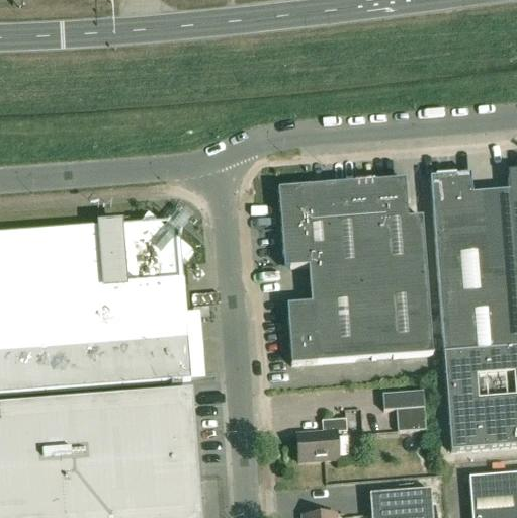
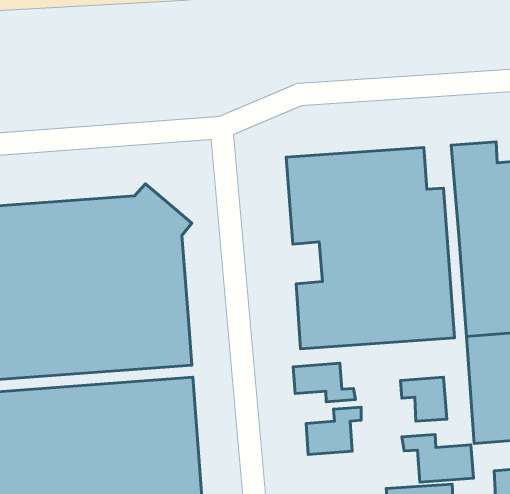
building: none -> [293,363,356,402]
building: none -> [402,434,473,482]

